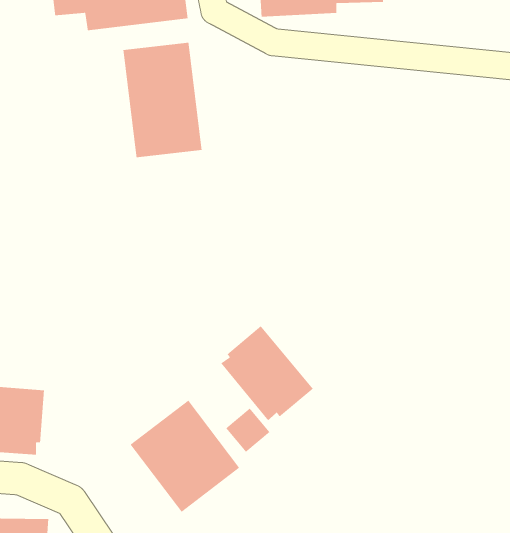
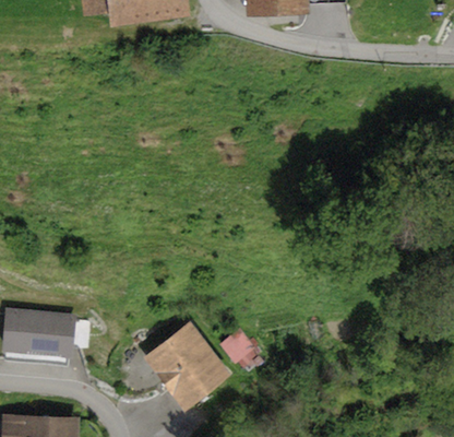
building: [123,42,202,158] -> none
building: [220,325,314,421] -> none

